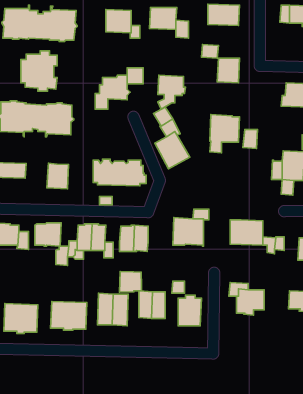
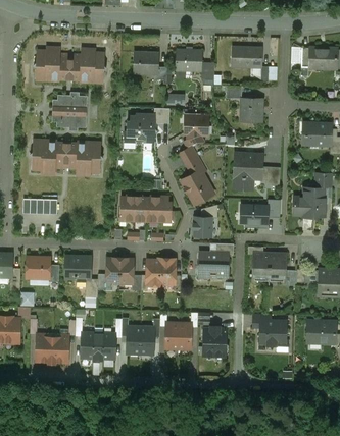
building: [47,163,68,189] -> none
building: none -> [239,204,270,225]
building: none -> [192,216,213,238]
building: [120,272,142,292] -> none

